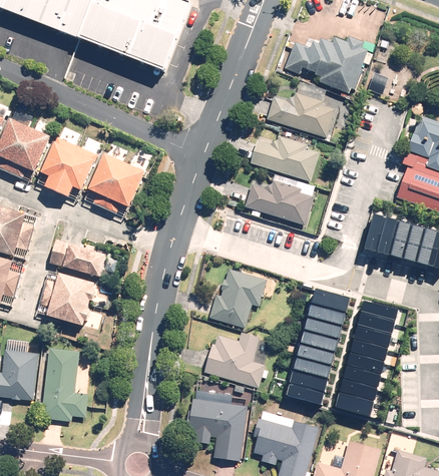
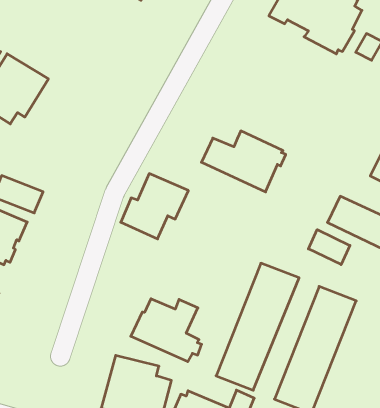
building: [267,82,337,140] -> none
building: [251,135,320,182] -> none
building: [88,152,145,213] -> none
building: none -> [308,230,350,265]
building: [210,270,267,327] -> [121,174,188,239]

